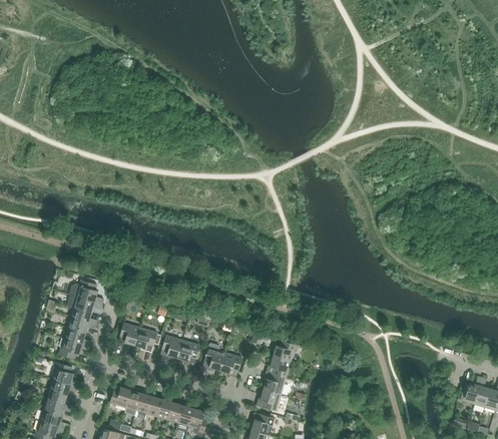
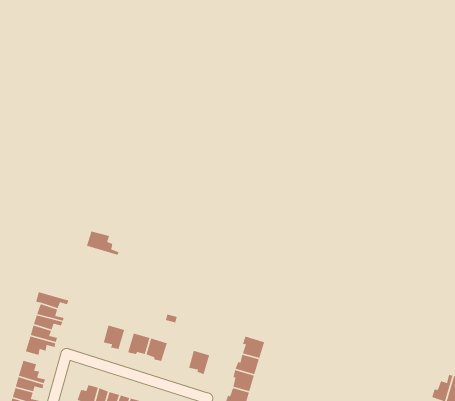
building: [70,279,103,304] -> [86,230,119,256]
building: [117,323,140,346] -> none
building: [202,344,224,371] -> none

